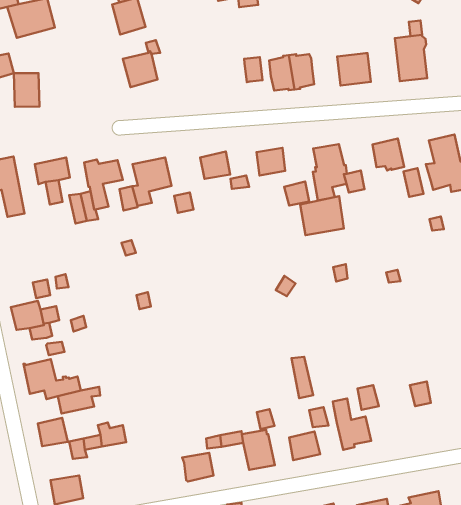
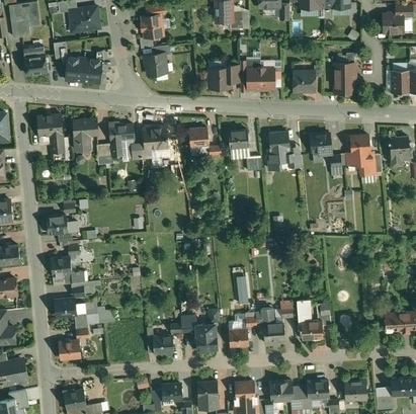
building: none -> [209,68,231,87]
building: none -> [83,58,102,83]
building: [300,196,344,235] -> none
building: none -> [298,302,323,341]

